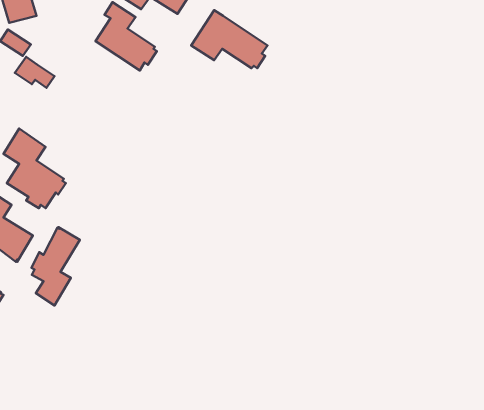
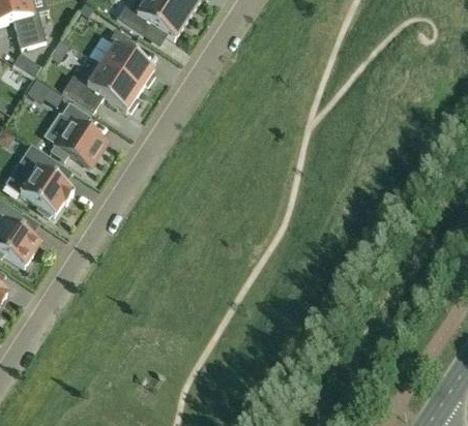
building: [191,10,268,68] -> [69,58,139,111]
building: none -> [54,102,105,165]
building: [32,227,80,306] -> none

